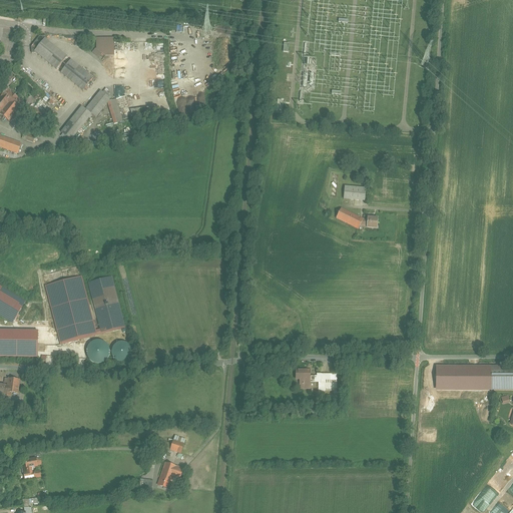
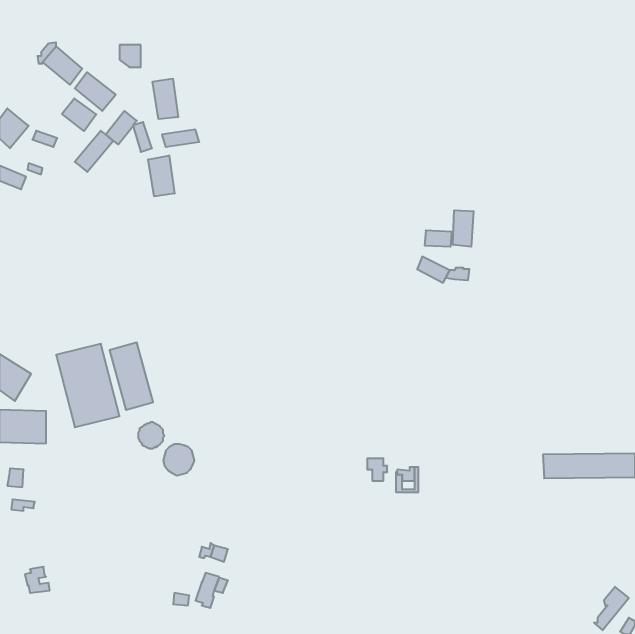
building: none -> [153,79,178,119]
building: none -> [62,98,96,131]
building: none -> [148,155,175,196]
building: none -> [453,210,473,247]
building: [85,339,110,364] -> [163,444,194,475]

